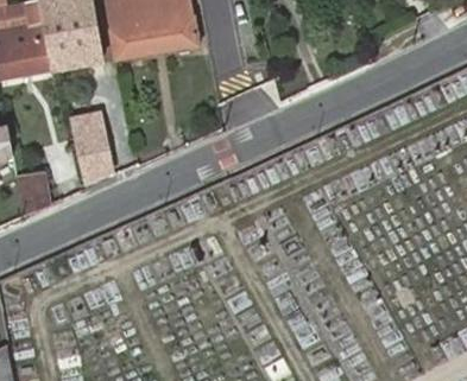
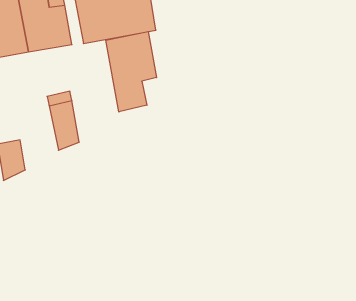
building: none -> [106,32,157,112]

